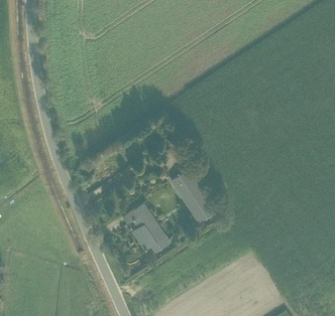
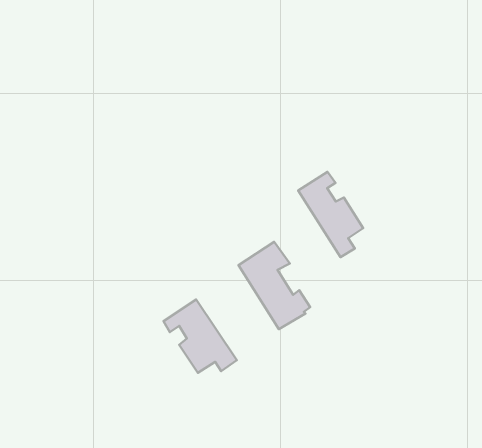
building: none -> [298,172,363,257]

